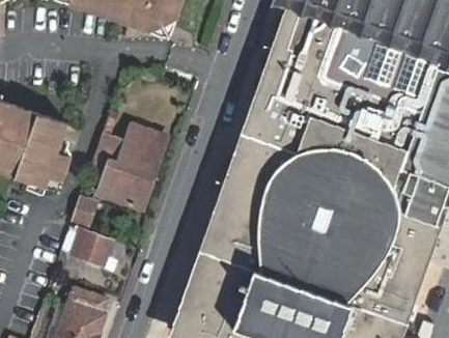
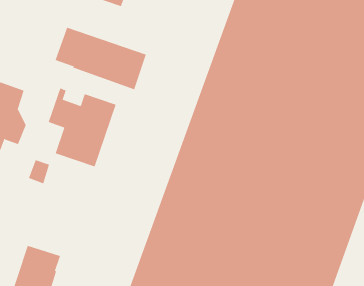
building: none -> [55,27,147,90]
building: [71,228,110,264] -> none

